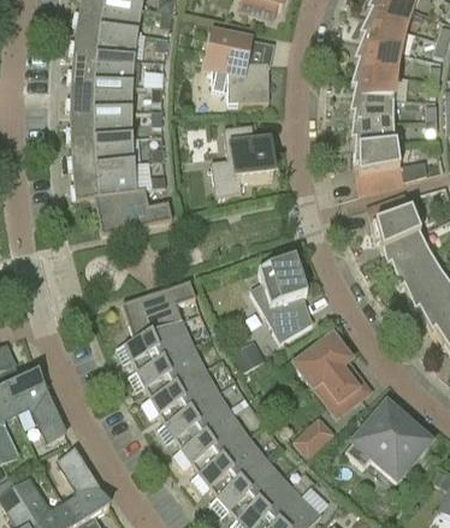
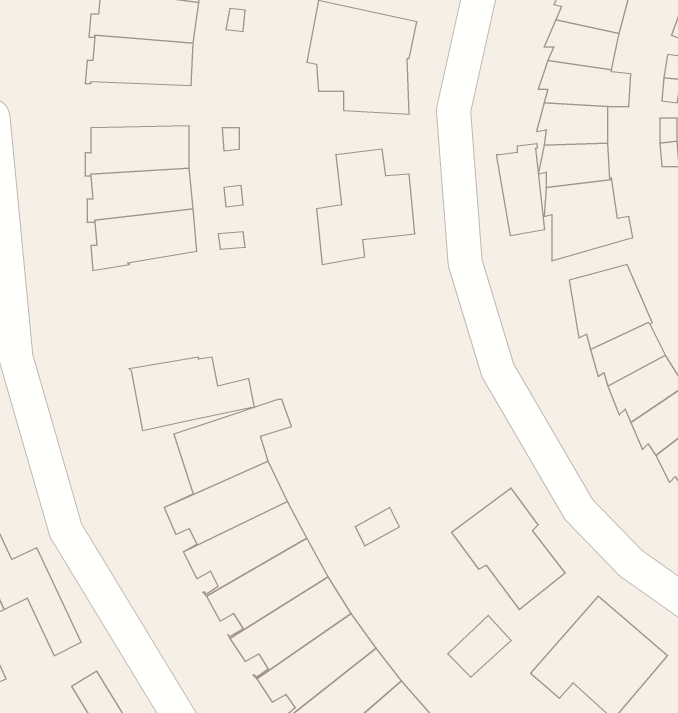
building: [66,82,134,112] -> none
building: none -> [496,143,545,236]
building: [94,188,172,233] -> [129,357,254,430]
building: [250,257,314,342] -> none

